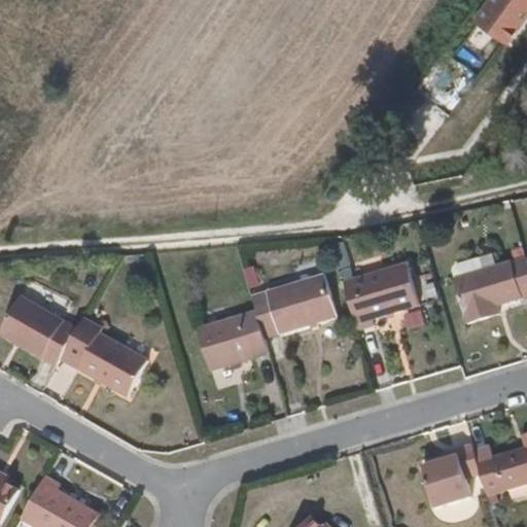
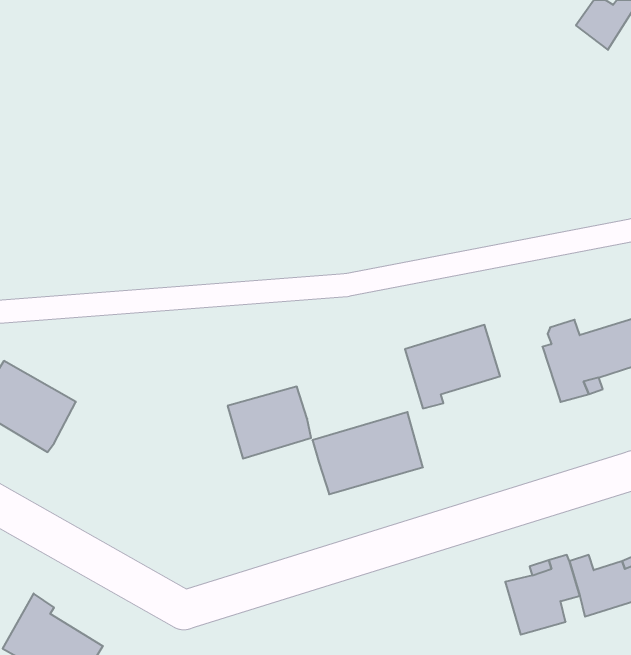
building: [250,271,339,337] -> [312,412,423,494]
building: [61,318,145,394] -> none

